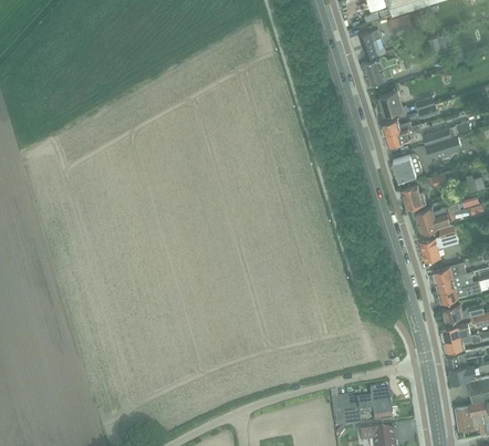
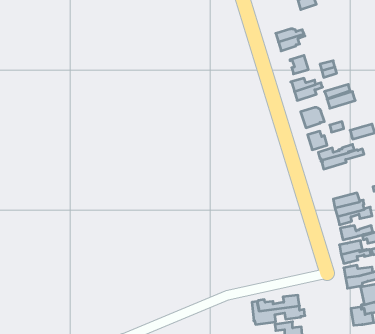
building: [360,29,386,59] -> none
building: [419,225,458,261] -> none

